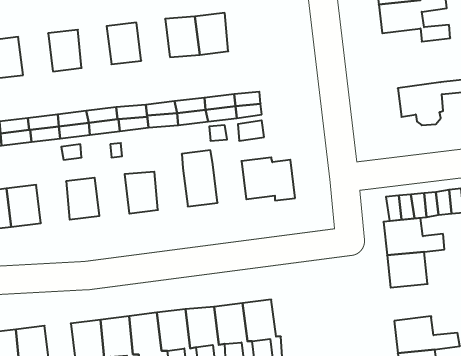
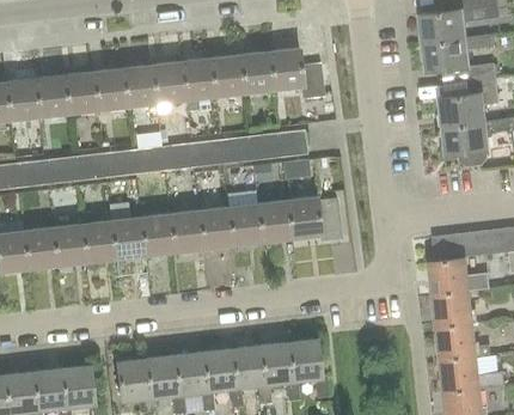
building: none -> [269,48,323,98]
building: none -> [180,57,214,99]
building: none -> [122,65,155,106]
building: none -> [62,72,97,114]
building: none -> [439,77,498,127]
building: none -> [257,200,290,242]
building: none -> [198,207,232,249]
building: none -> [139,213,173,255]
building: none -> [80,220,114,262]
building: none -> [435,323,490,360]

